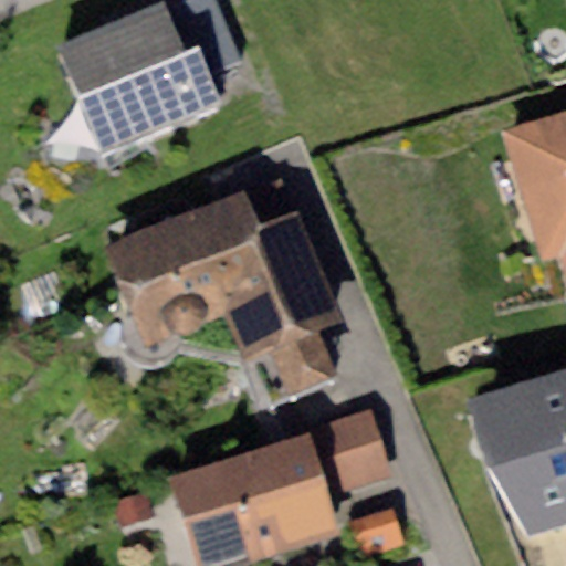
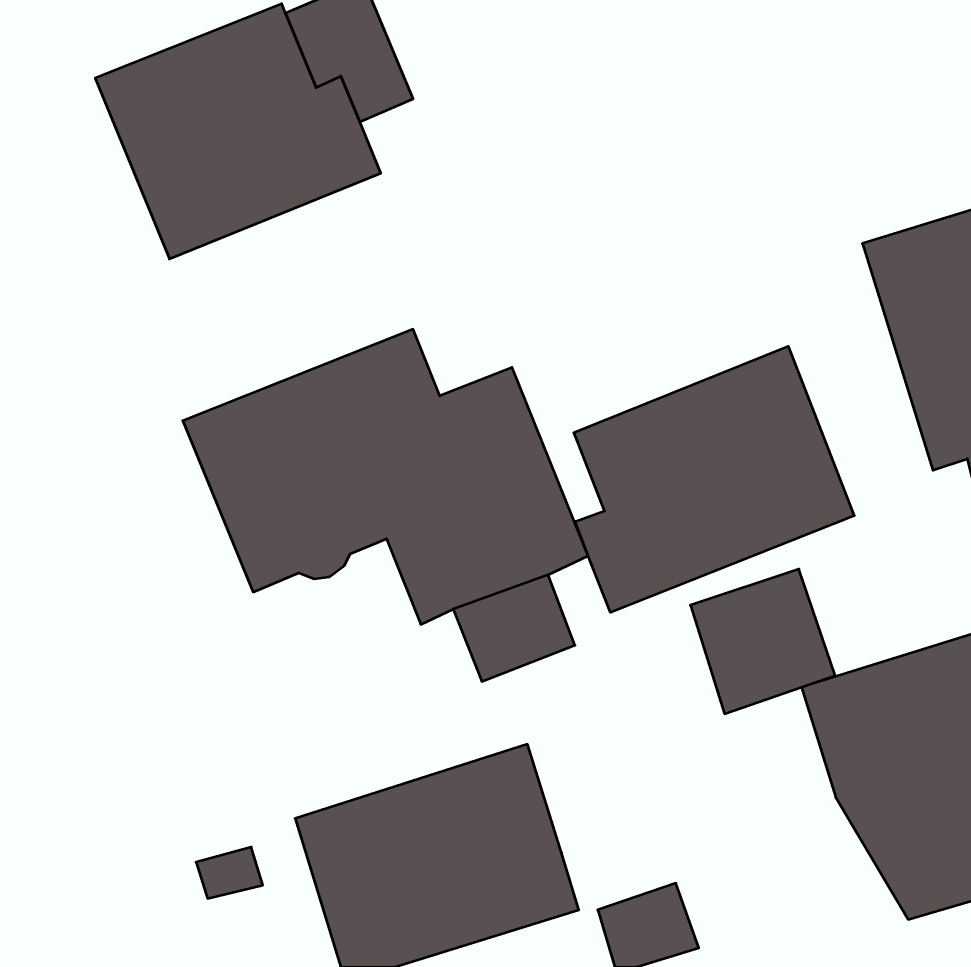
building: none -> [574,346,854,612]
building: [307,411,391,495] -> [690,569,835,714]

